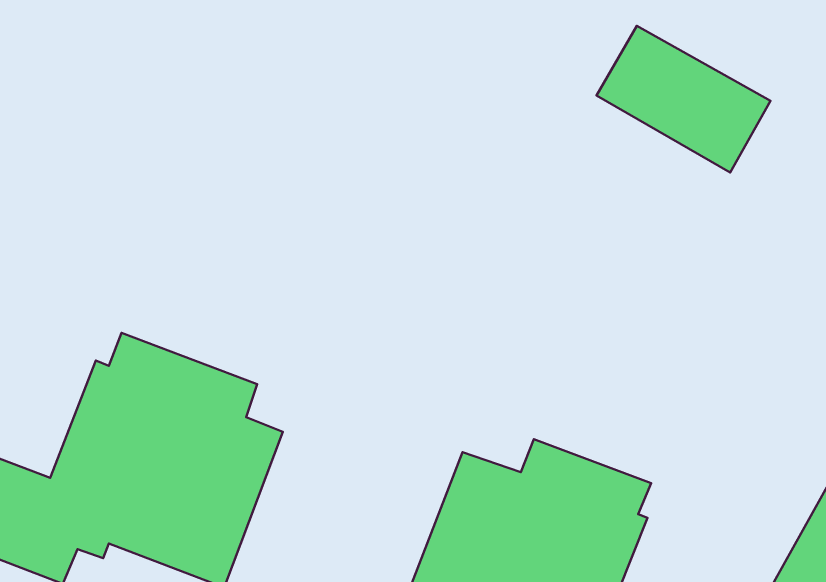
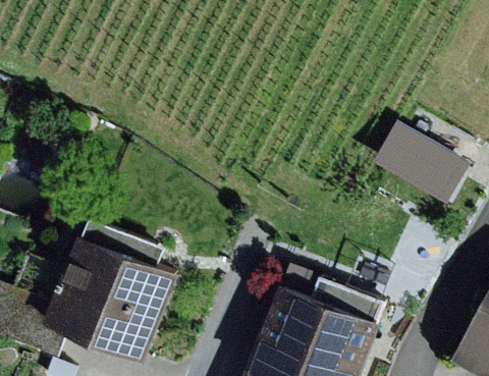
building: [596,26,770,172] -> [373,123,470,205]

